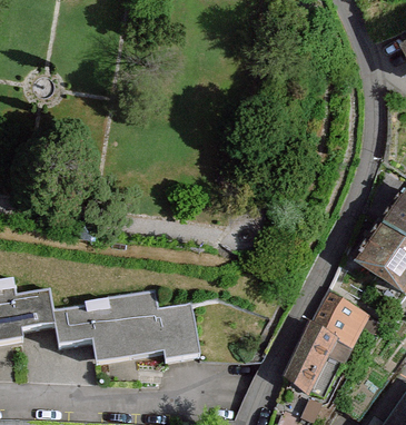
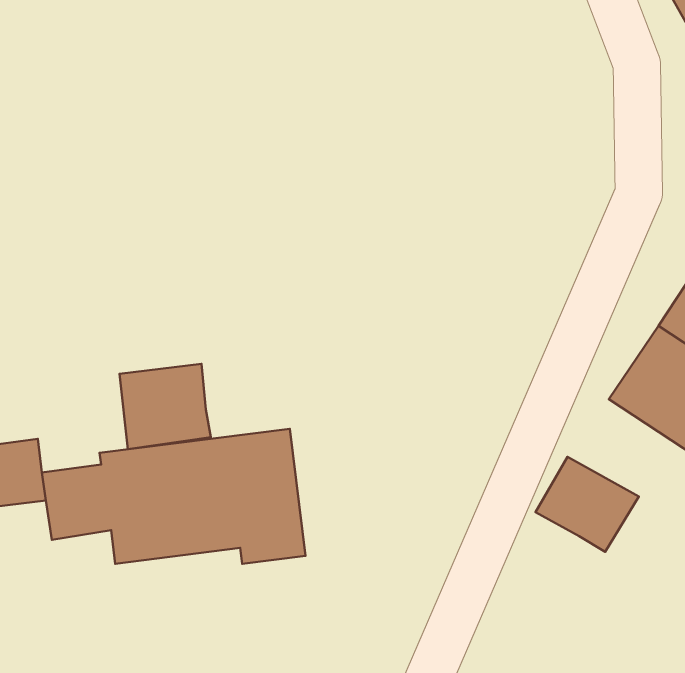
building: none -> [120,364,211,449]
building: [286,324,338,398] -> none

